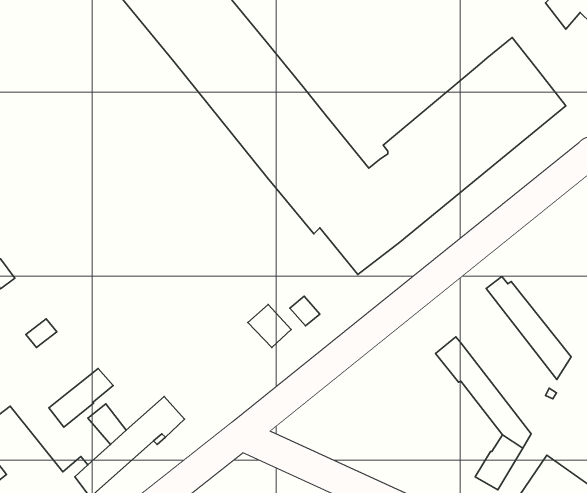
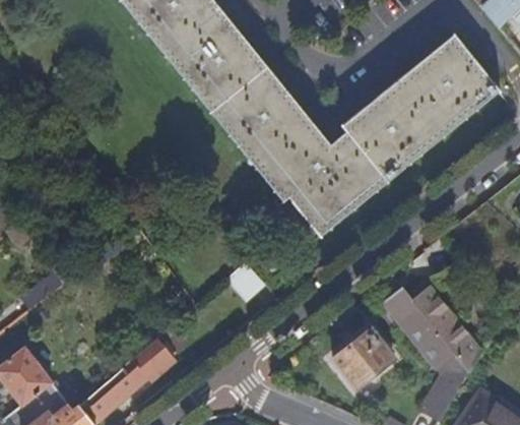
building: [486,277,571,379] -> [408,284,480,371]
building: [49,368,113,427] -> none
building: none -> [333,328,393,386]

